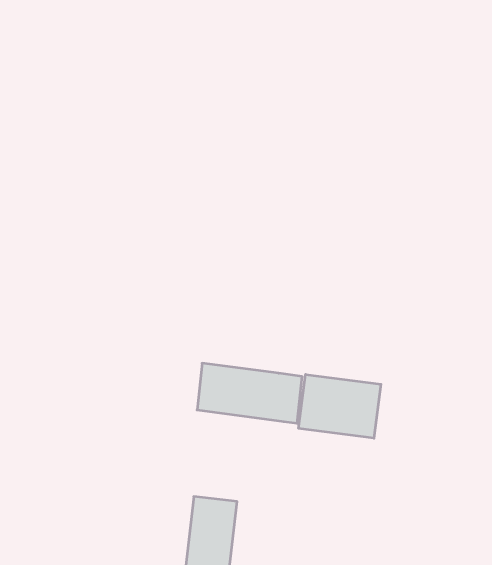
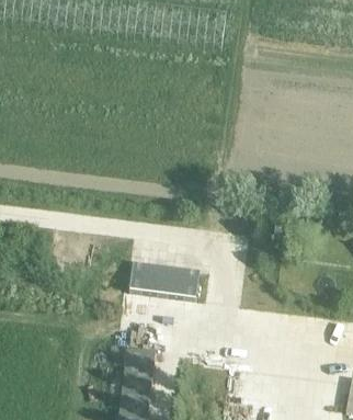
building: [299,374,381,438] -> none

